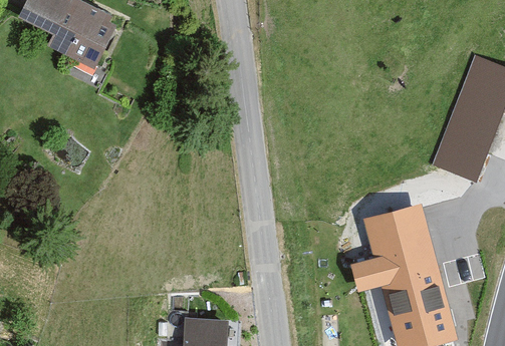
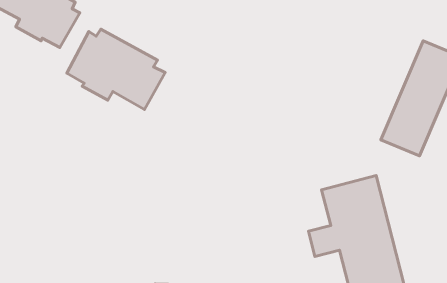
building: none -> [67,29,165,110]

